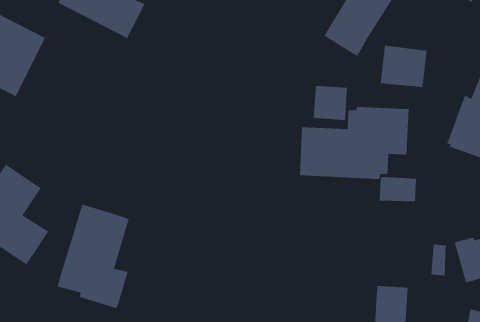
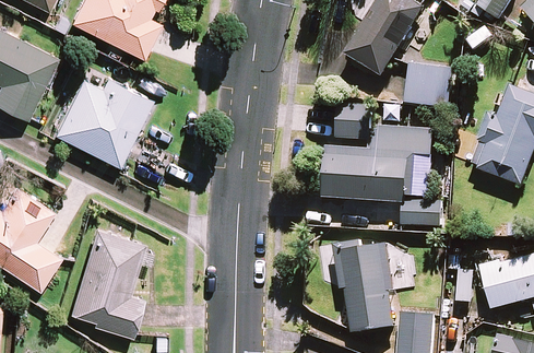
building: none -> [55,77,153,166]
building: none -> [337,245,395,333]

